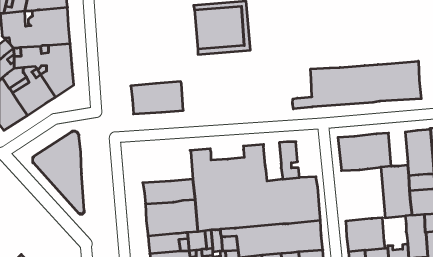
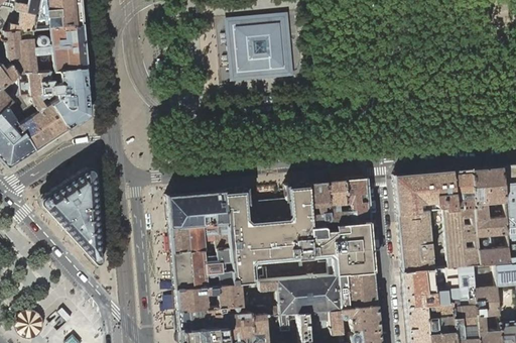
building: [293,61,421,109] -> none
building: [131,82,183,114] -> [166,191,227,228]
building: none -> [453,169,475,209]
building: none -> [346,179,369,222]
building: none -> [308,182,331,226]
building: none -> [398,212,433,272]
building: none -> [445,266,475,304]

